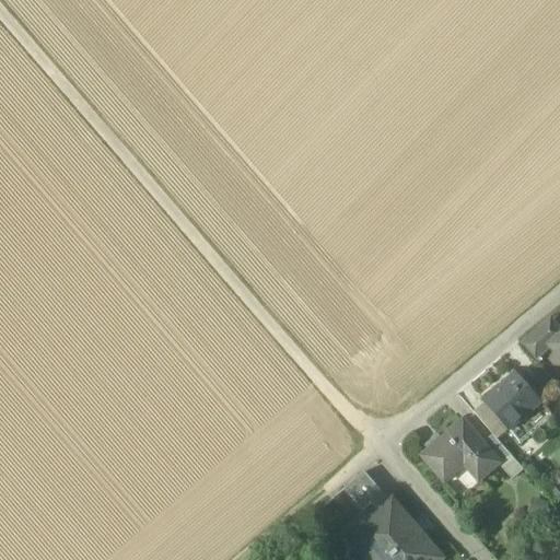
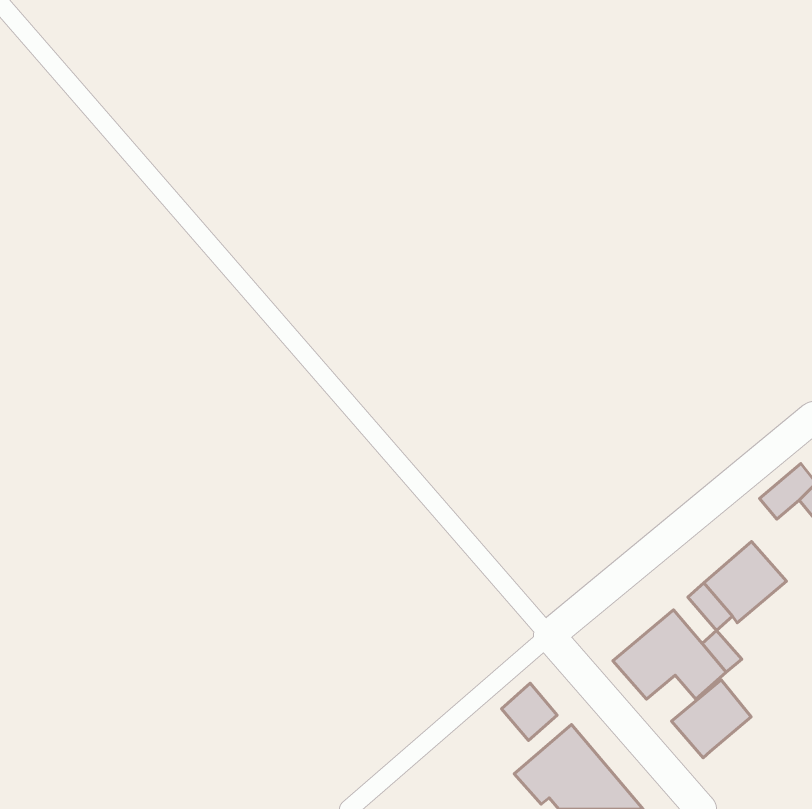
building: none -> [672,680,751,758]

